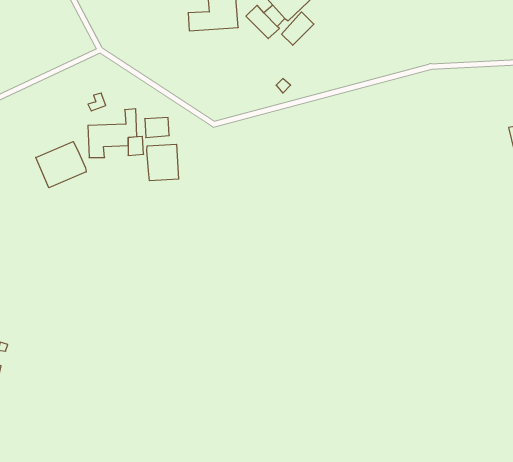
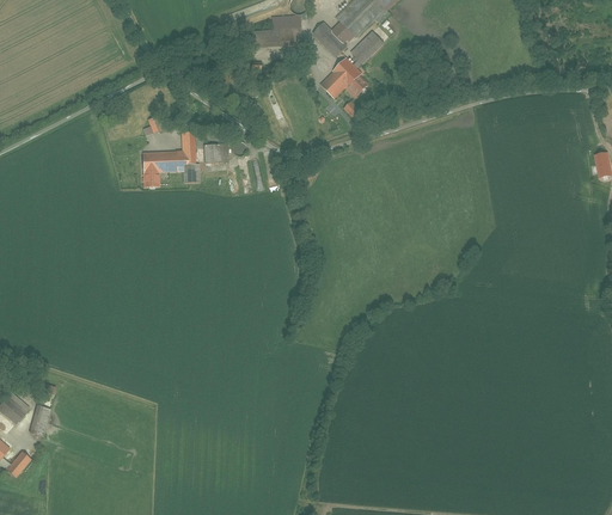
building: none -> [319,59,368,99]
building: [36,142,86,188] -> none
building: [147,144,179,181] -> none

